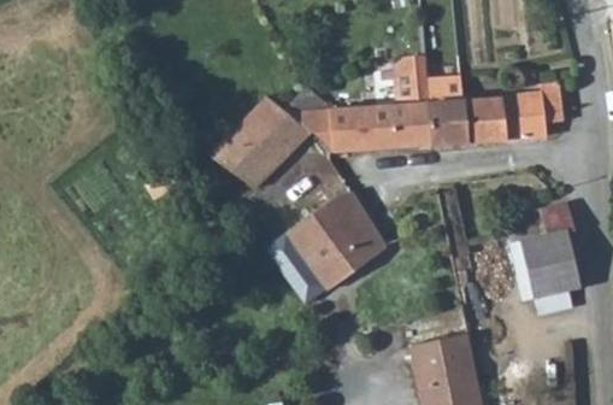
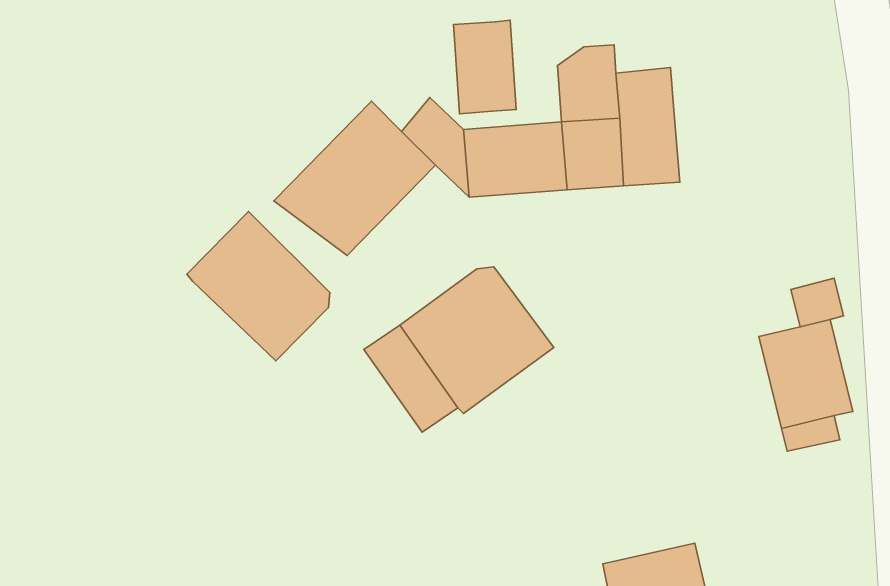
building: none -> [454,20,516,114]
building: [465,83,562,142] -> none
building: none -> [187,211,330,361]
building: [411,335,478,387] -> none

